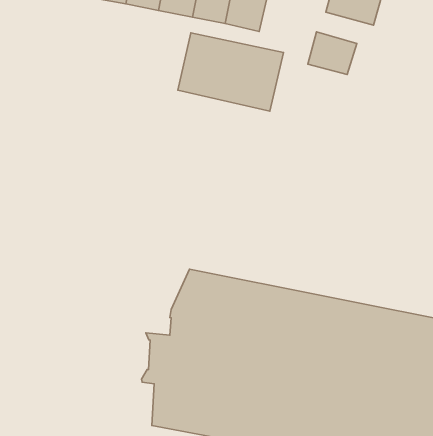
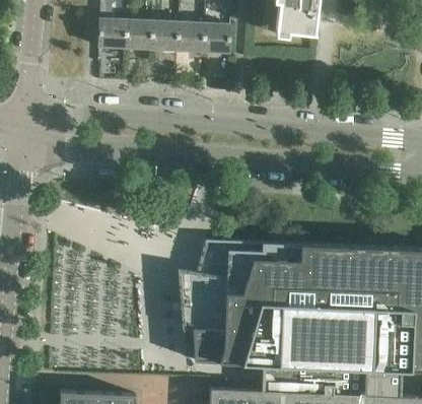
building: [308,32,357,74] -> none
building: [178,33,283,111] -> none

